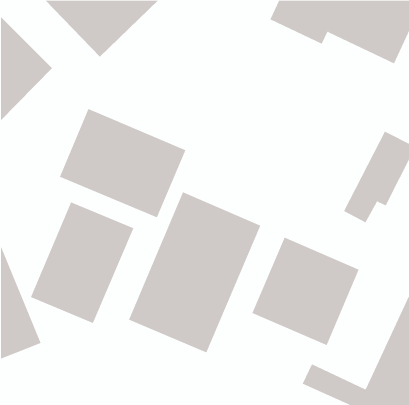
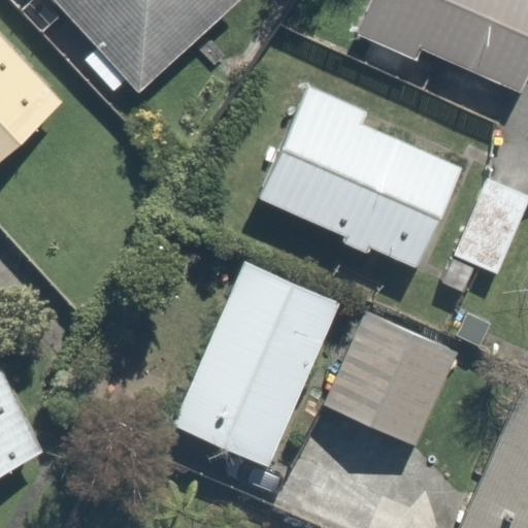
building: none -> [257,91,462,269]
building: [59,108,186,218] -> none
building: [30,201,134,324] -> none

